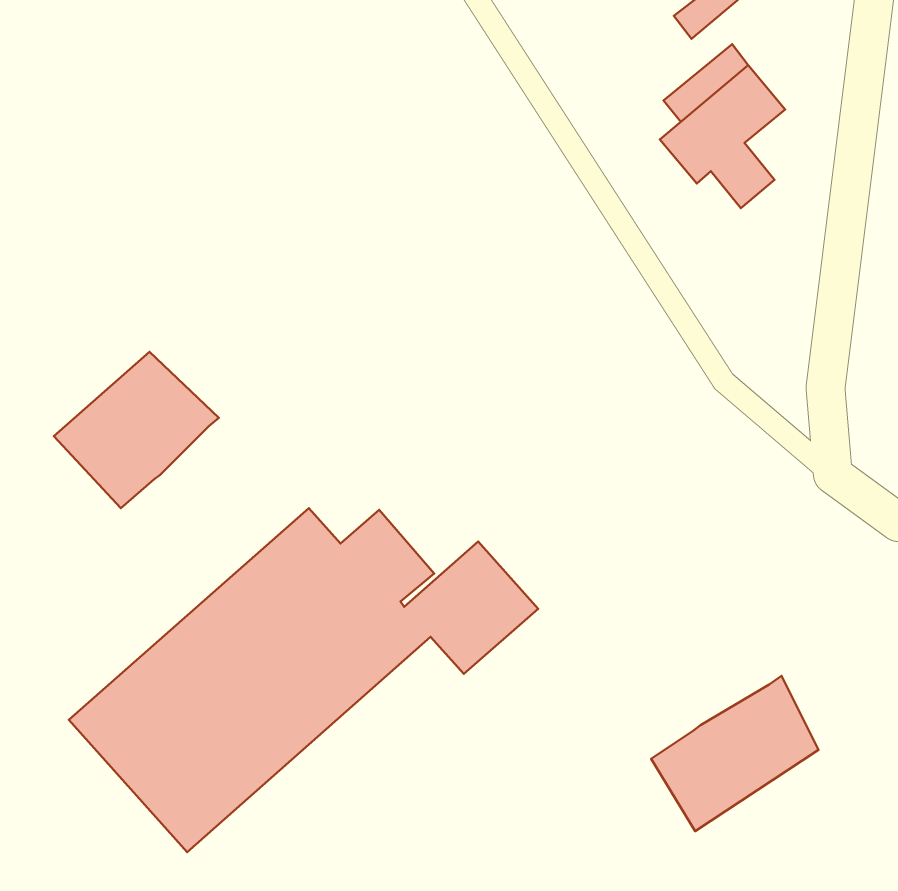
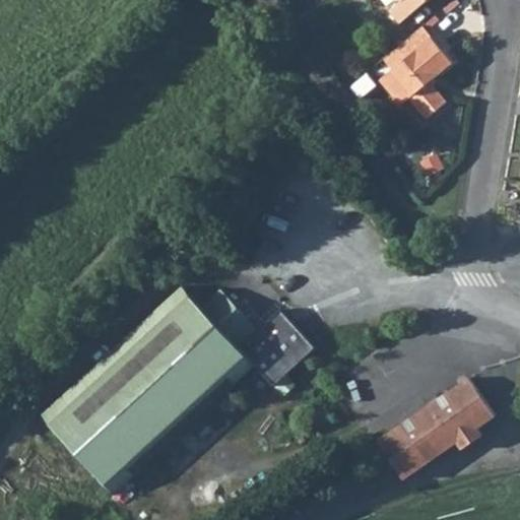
building: [54,352,219,508] -> none
building: none -> [450,379,493,432]

